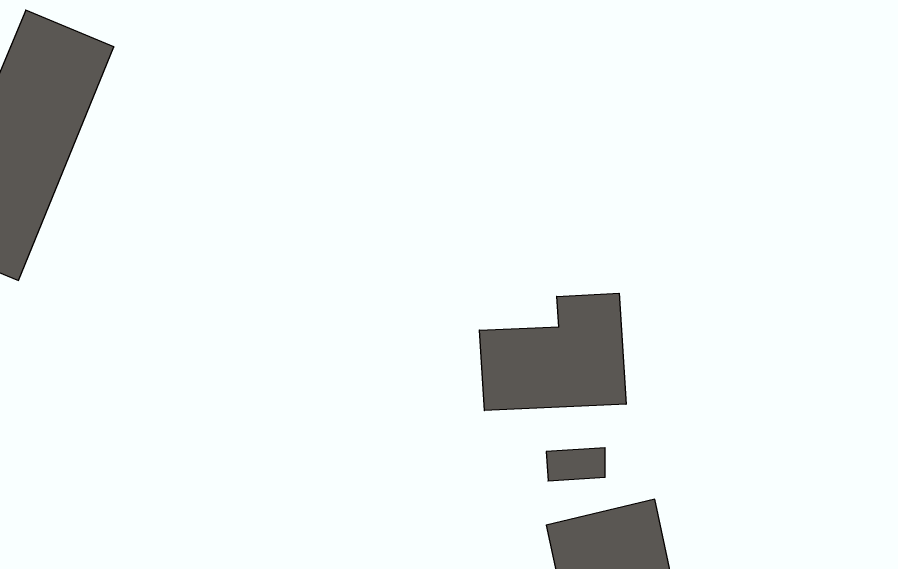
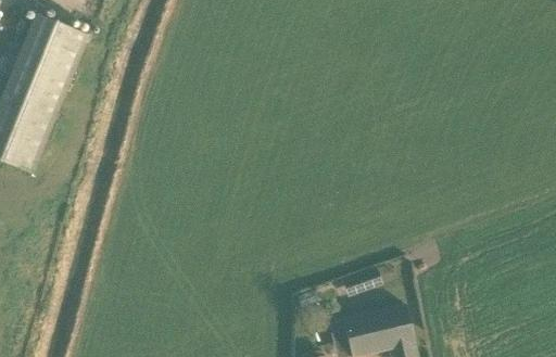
building: [479,293,626,411] -> none

